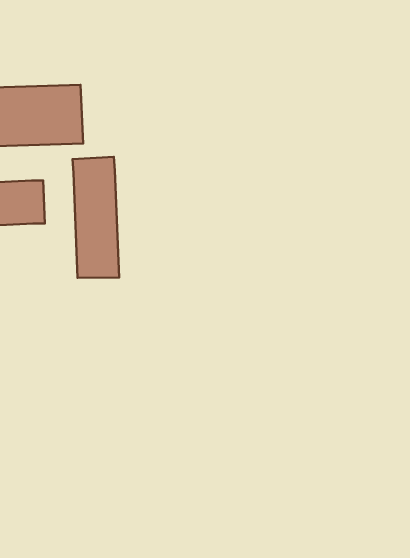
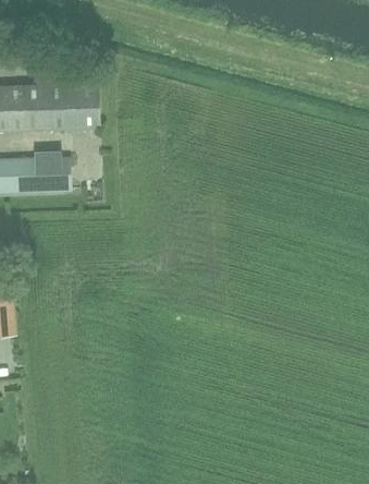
building: [72,157,119,278] -> none

